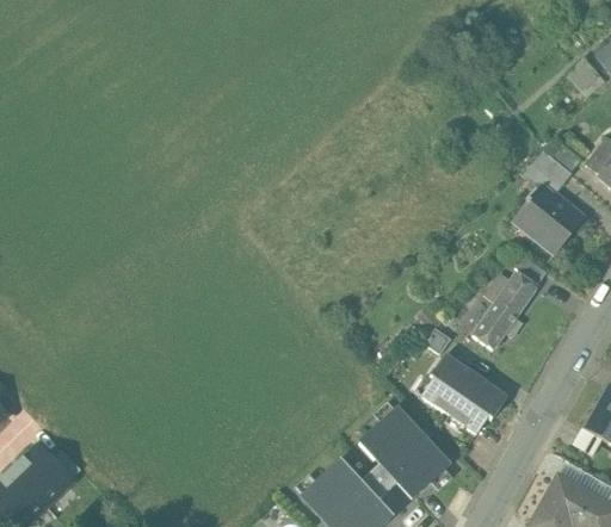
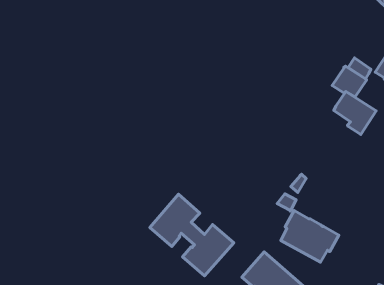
building: [473,273,536,349] -> none
building: none -> [150,194,234,276]

